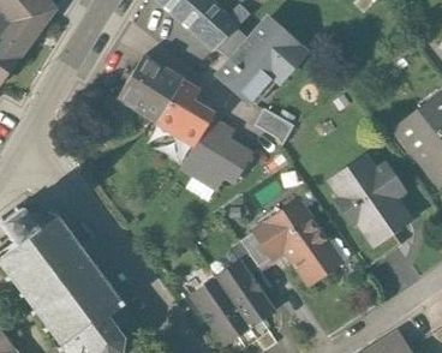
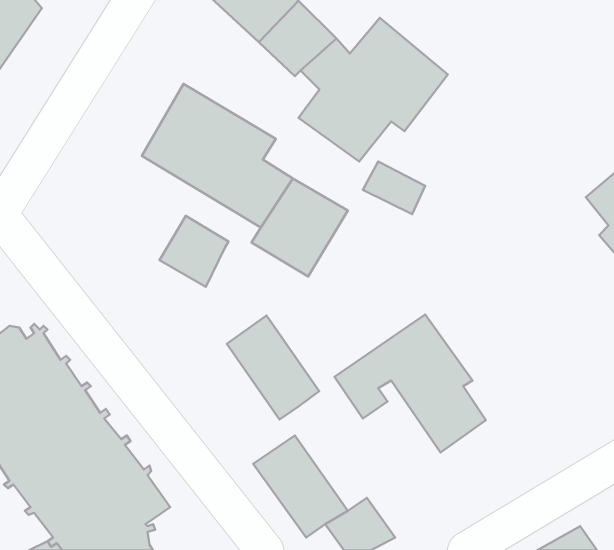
building: none -> [159,216,228,287]
building: [328,155,408,269] -> none
building: [214,261,273,327] -> [227,316,319,420]

